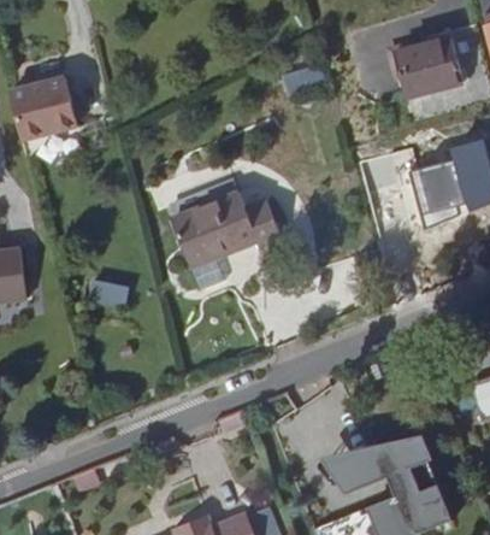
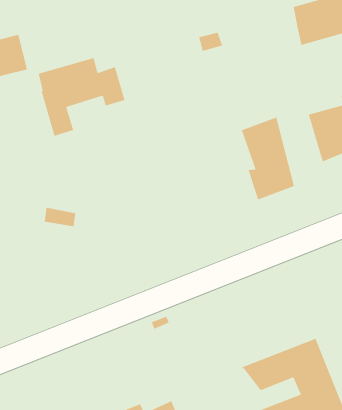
building: none -> [241,117,295,201]
building: [166,187,271,282] -> [38,57,125,137]

